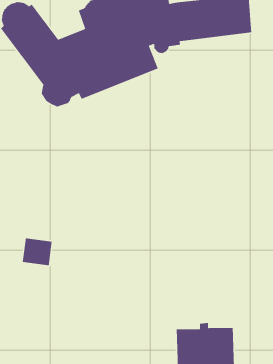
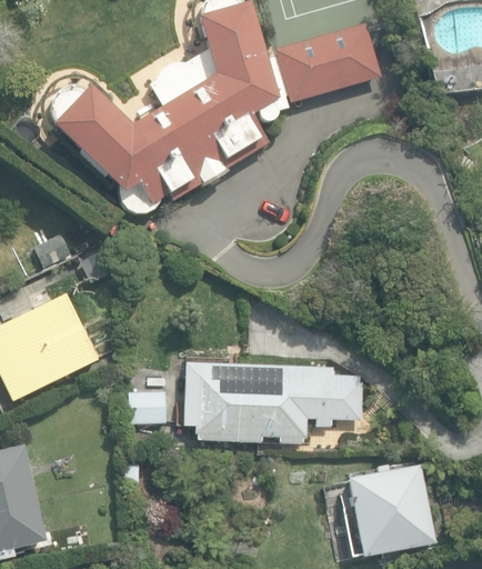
building: none -> [195,360,364,443]

